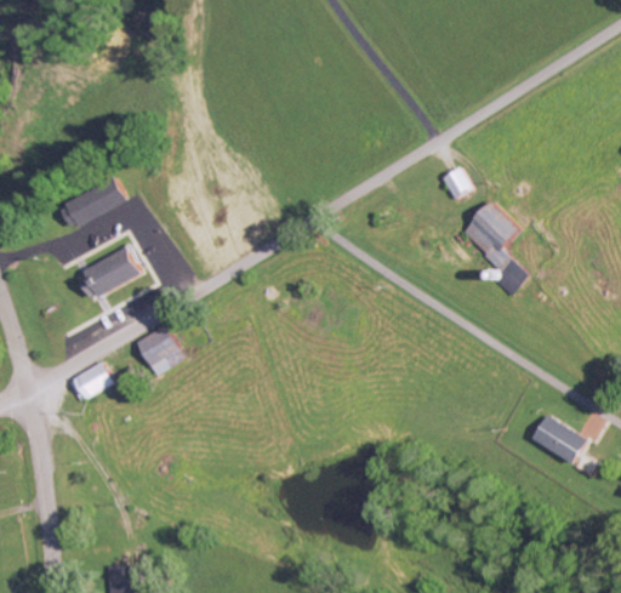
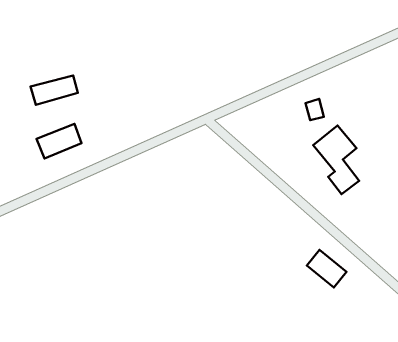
building: [136,324,186,376] -> none
building: [68,360,114,401] -> none
building: [531,414,587,463] -> [307,250,346,288]

